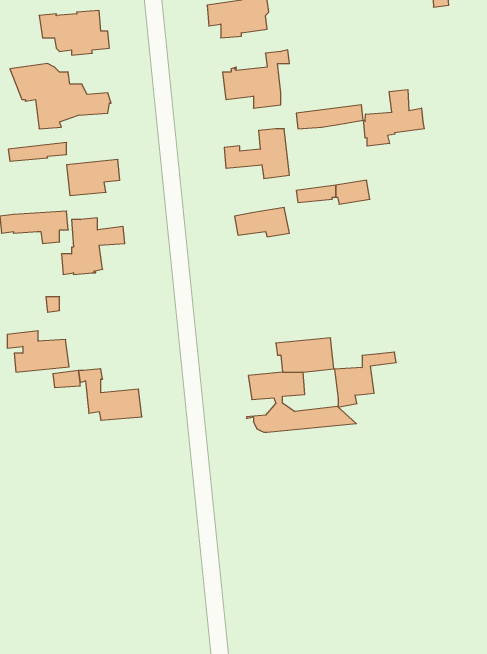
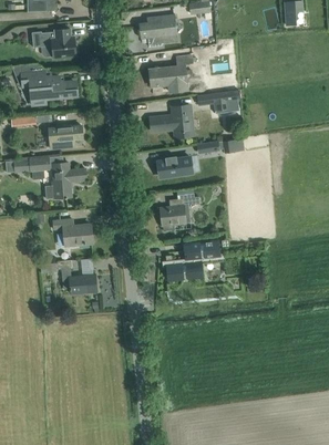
building: [363,90,424,146] -> none
building: [7,331,69,372] -> [53,219,93,246]
building: [335,352,396,407] -> [161,196,201,231]

